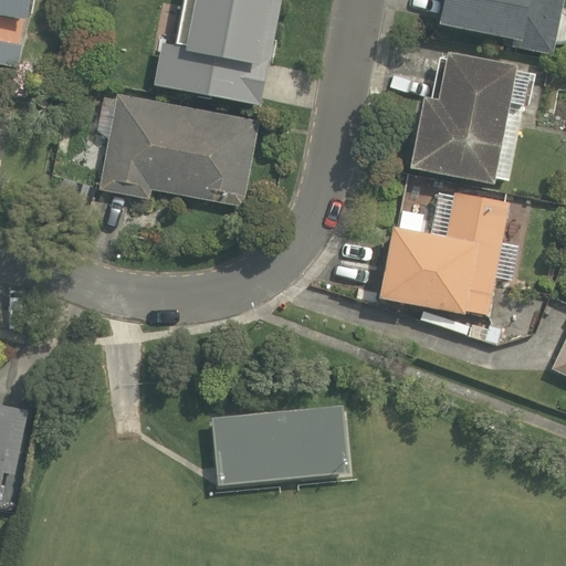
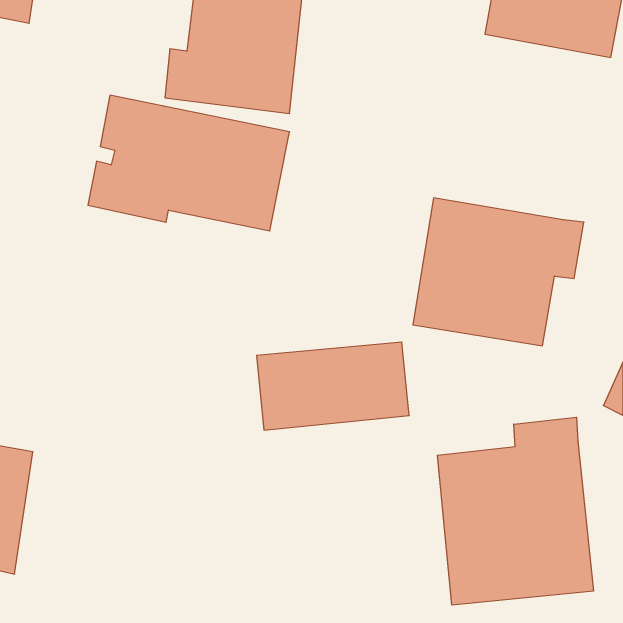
building: [411,56,544,185] -> none
building: none -> [437,417,593,605]
building: [210,405,348,484] -> [257,342,409,430]

